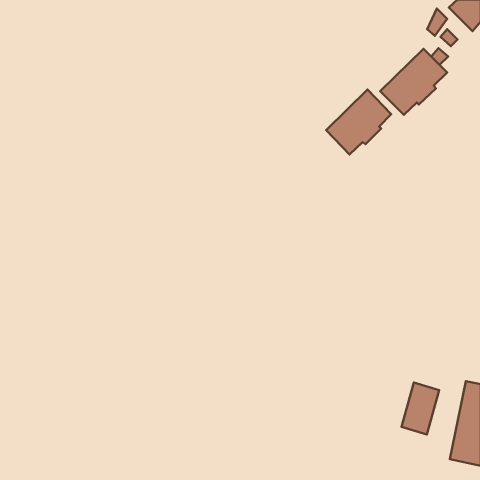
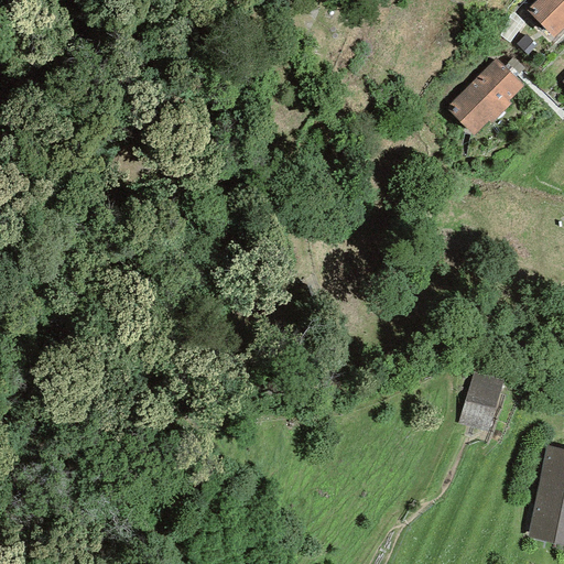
building: [326,89,391,155] -> none
building: [401,383,439,434] -> [458,369,502,430]

